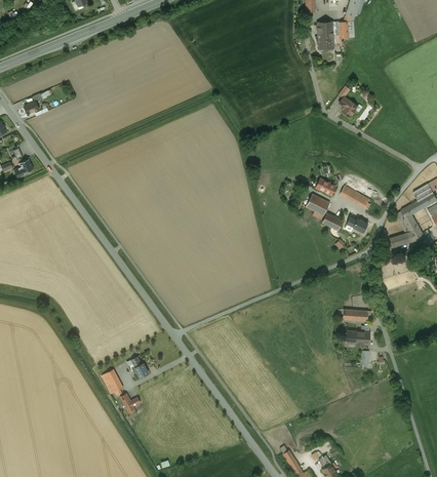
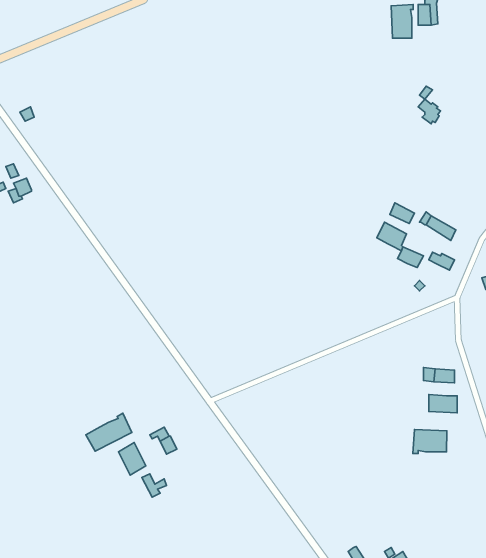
building: none -> [86,413,132,451]
building: none -> [413,429,447,453]

